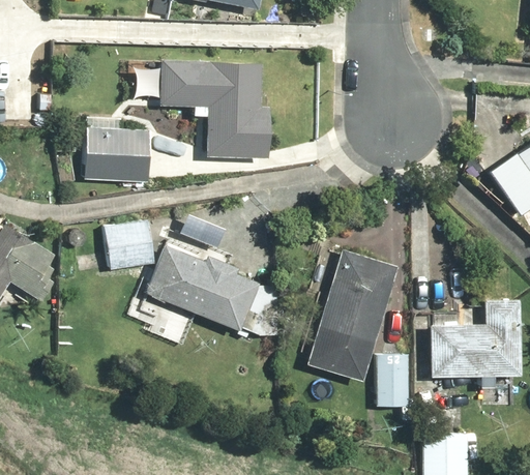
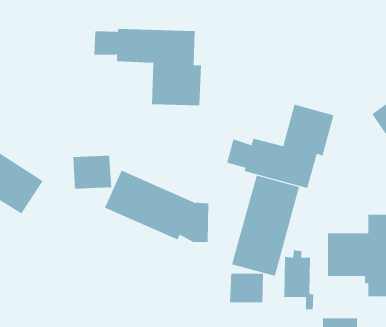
building: [85,118,158,182] -> none
building: none -> [226,104,334,189]
building: none -> [229,273,263,303]

